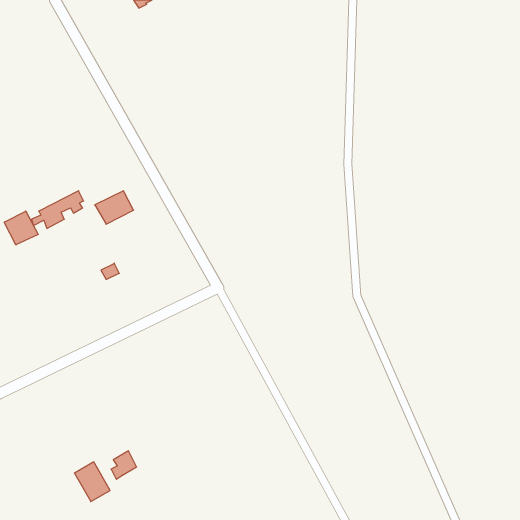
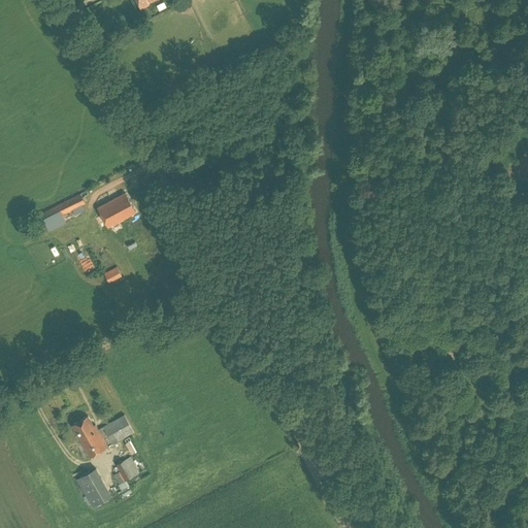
building: [4,211,38,245] -> none
building: none -> [70,416,133,458]

